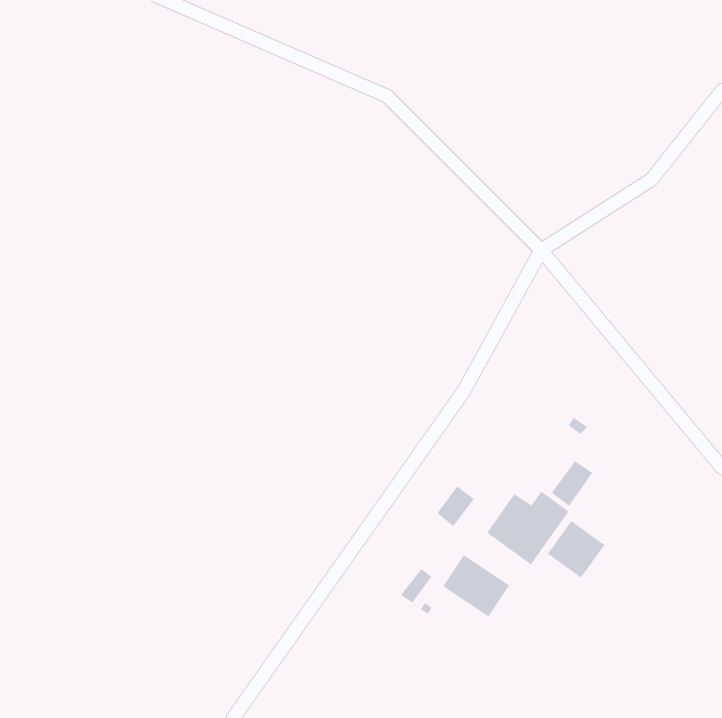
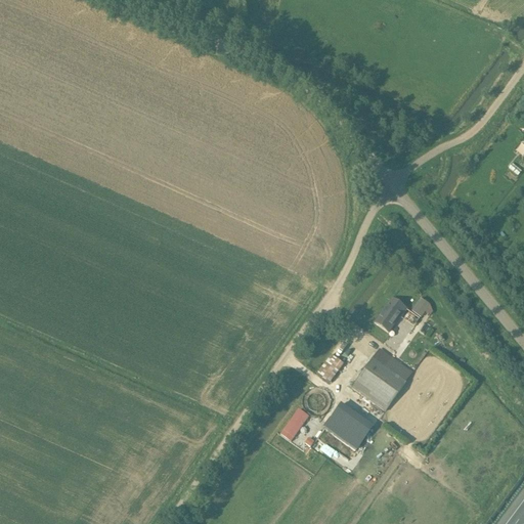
building: [551,460,593,507] -> [375,297,405,331]
building: [547,520,606,579] -> none

